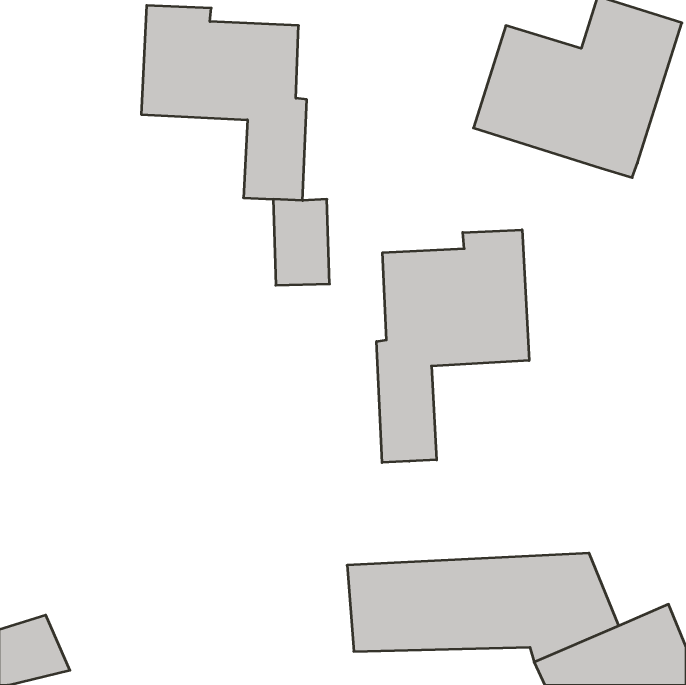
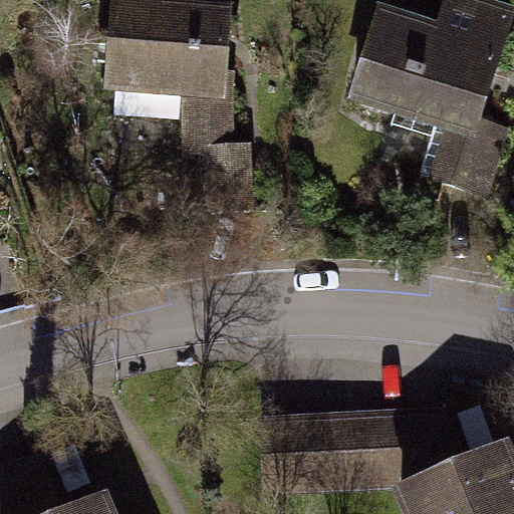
building: none -> [432,121,501,194]
building: [377,230,529,463] -> none

